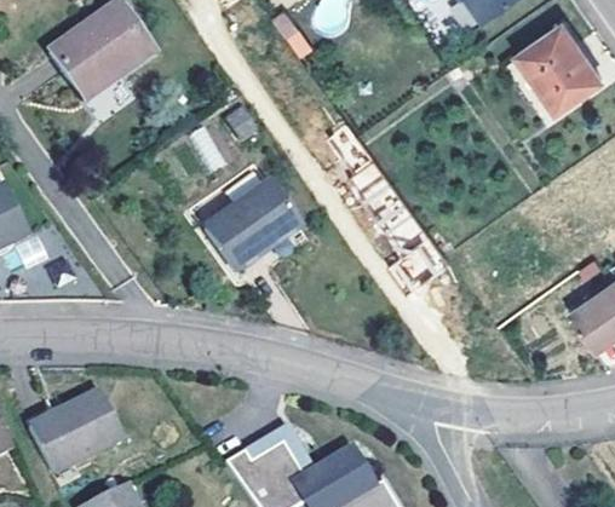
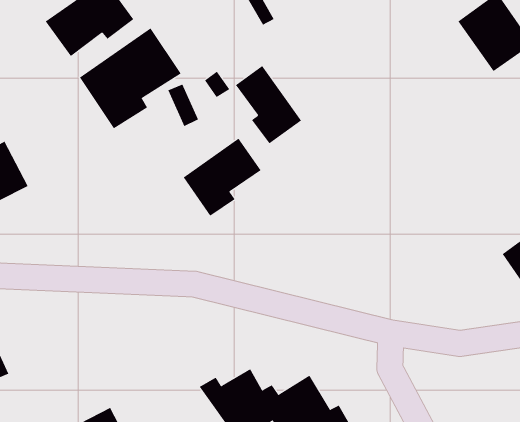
building: none -> [79,27,182,129]
building: none -> [235,65,302,144]
building: [29,393,123,474] -> none

